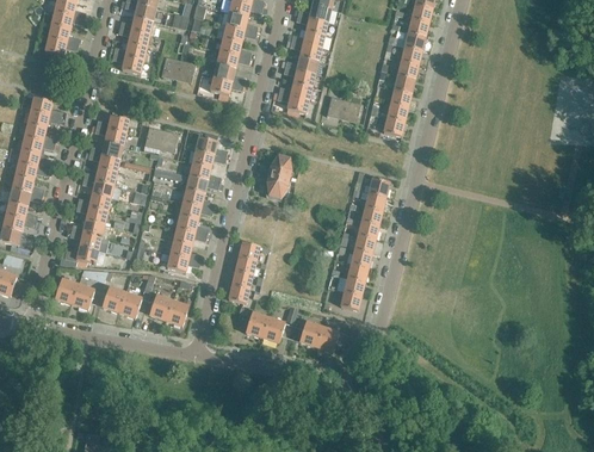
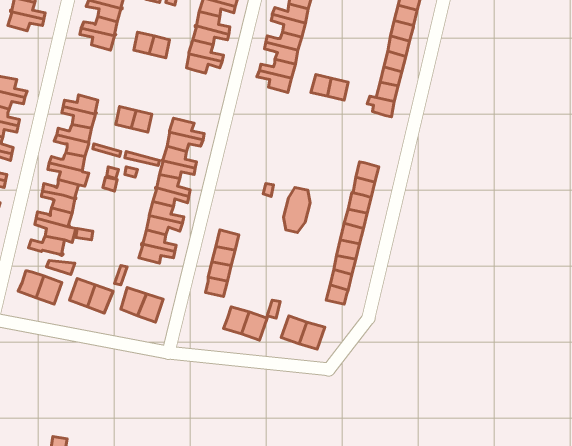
building: [266,156,291,198] -> [283,188,310,232]

